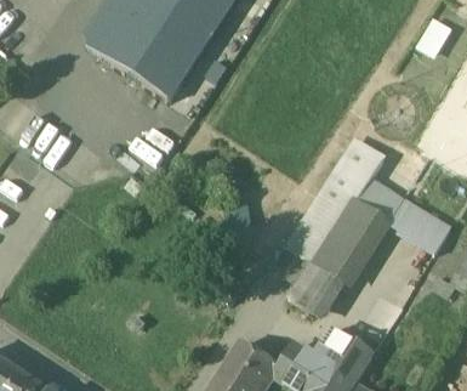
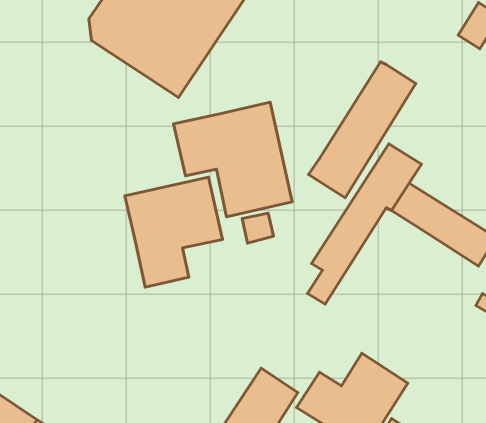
building: none -> [173,102,292,217]
building: none -> [125,177,223,287]
building: [289,197,385,318] -> [309,62,416,198]

